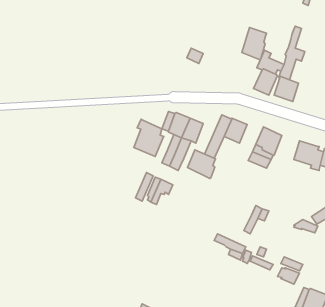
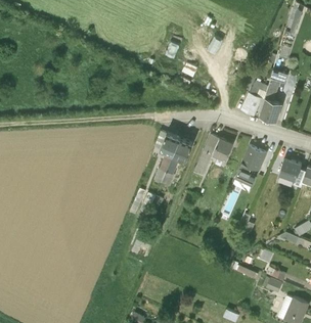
building: [242,28,266,60] -> none
building: [134,119,164,157] -> none
building: [188,150,215,178] -> none

